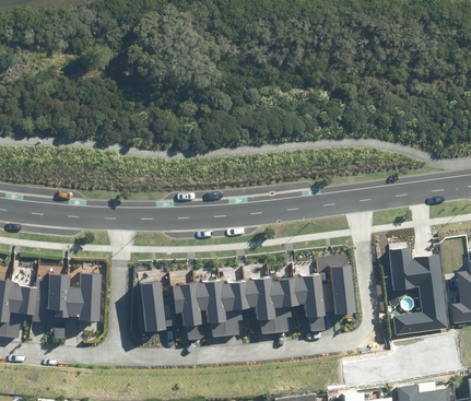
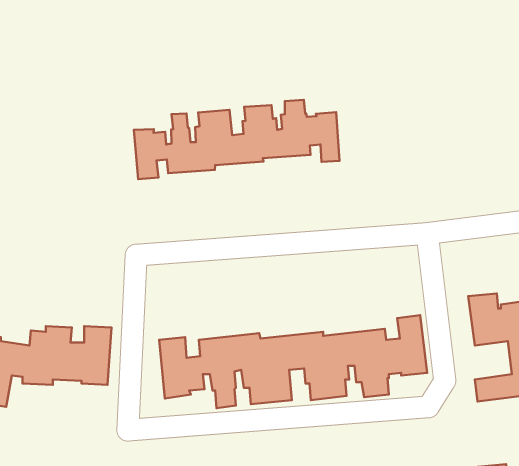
building: none -> [134,100,339,179]

